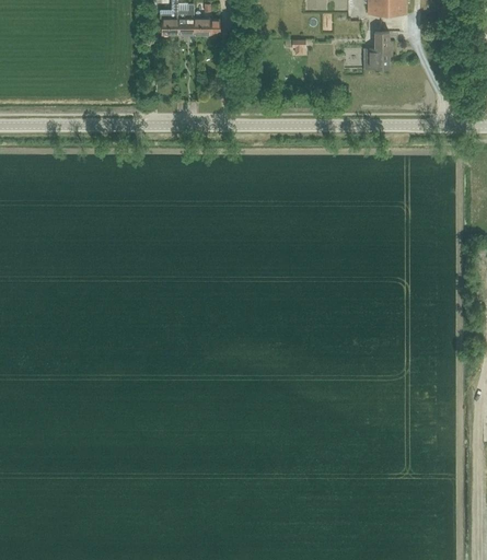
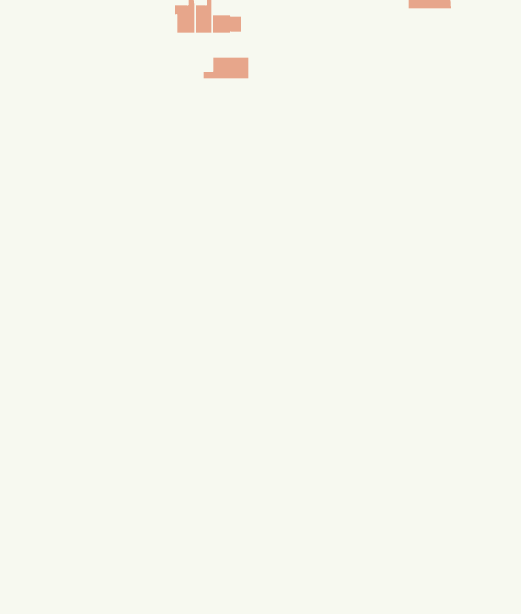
building: [364,32,393,68] -> none
building: none -> [203,57,249,79]

